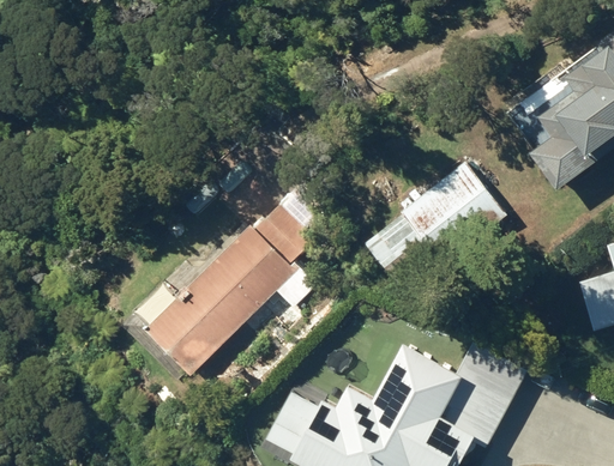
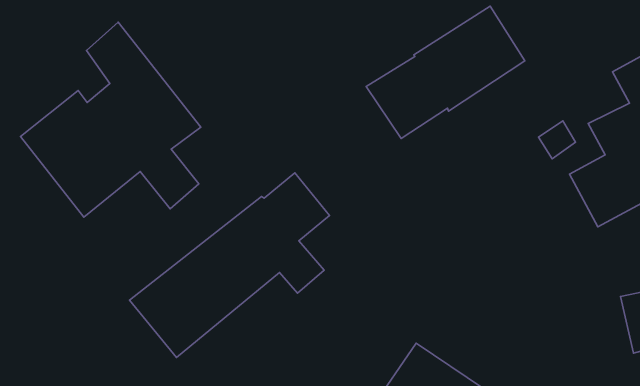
building: none -> [20,22,201,217]
building: [361,162,500,288] -> [366,6,525,139]

